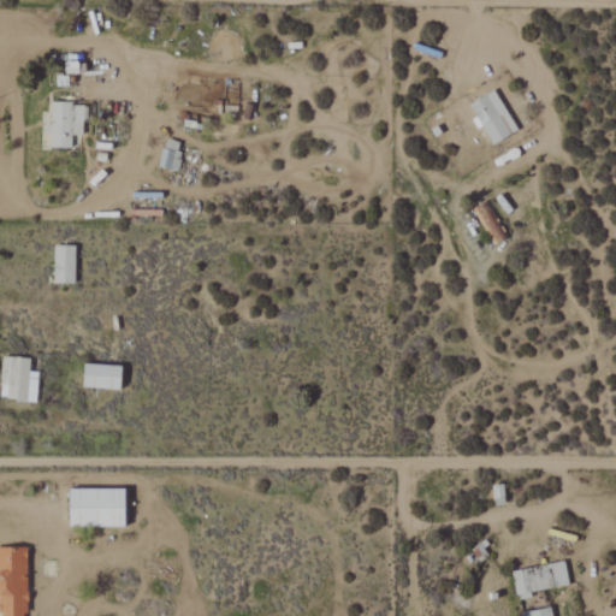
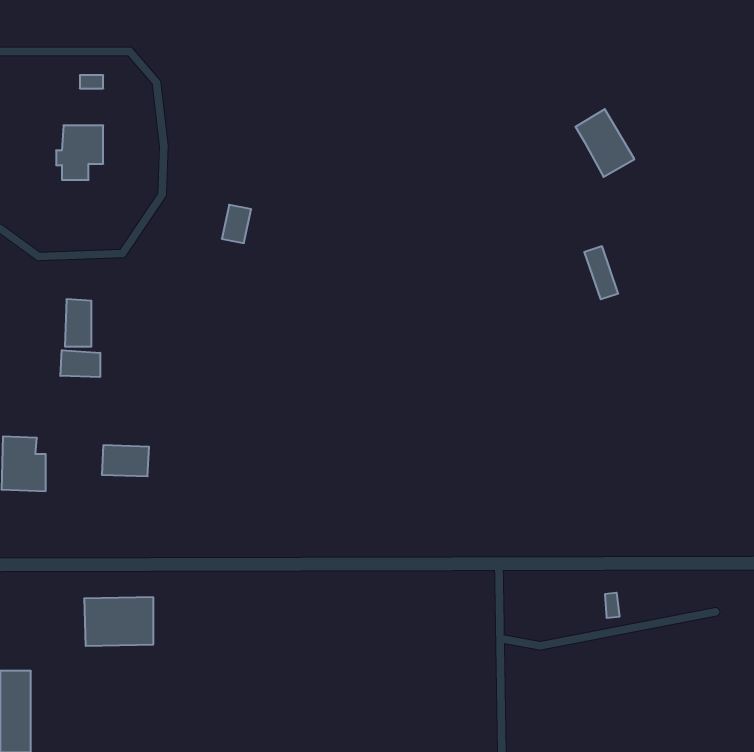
building: [159,138,183,170] -> [222,205,251,243]
building: none -> [60,350,100,377]
building: [513,559,569,597] -> none

